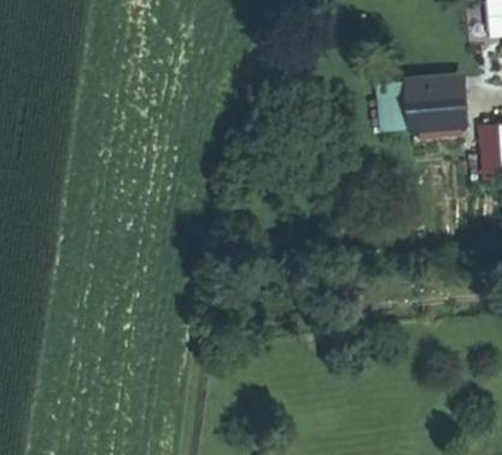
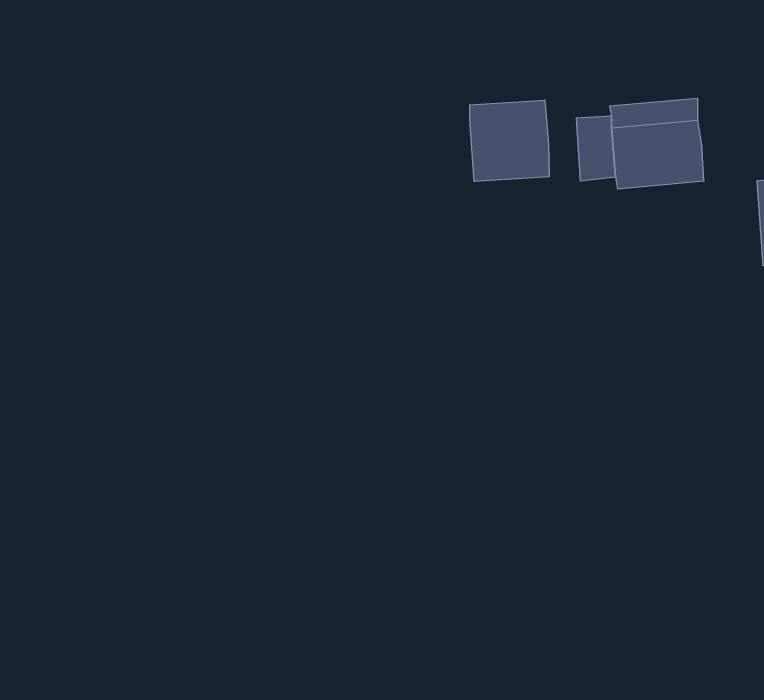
building: none -> [470,100,549,181]

